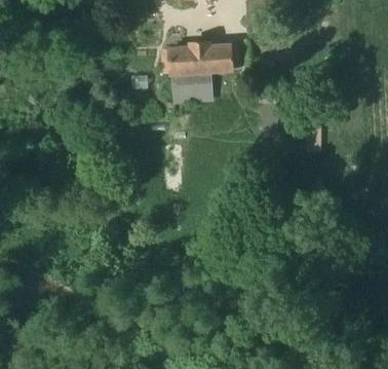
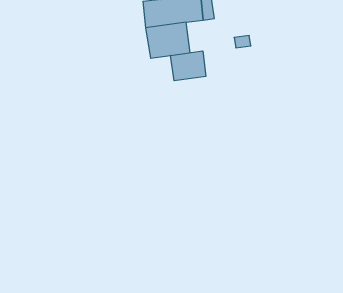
building: none -> [170,51,206,81]

